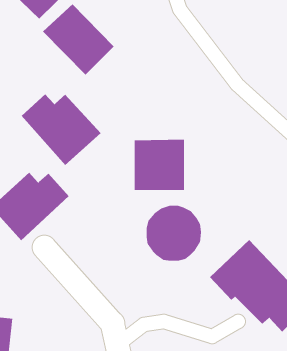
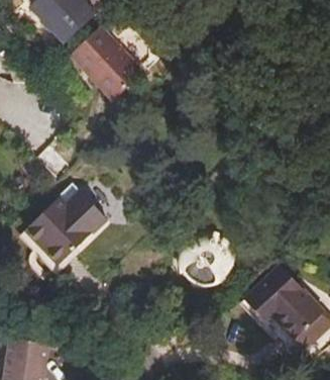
building: [21,94,101,166] -> none
building: [134,139,185,191] -> none

